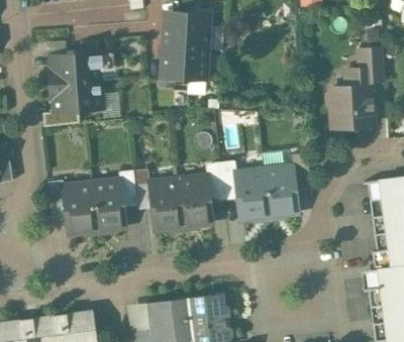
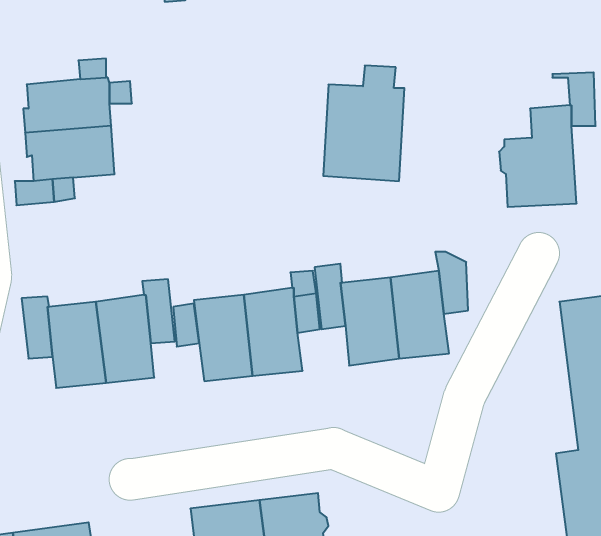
building: [162,12,209,80] -> [323,66,404,181]

